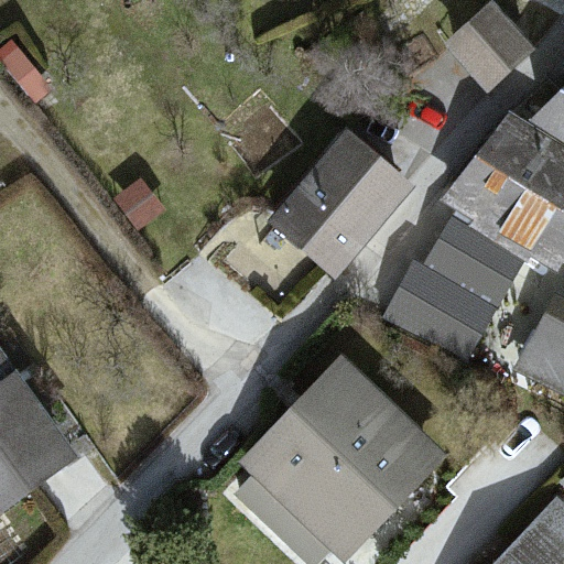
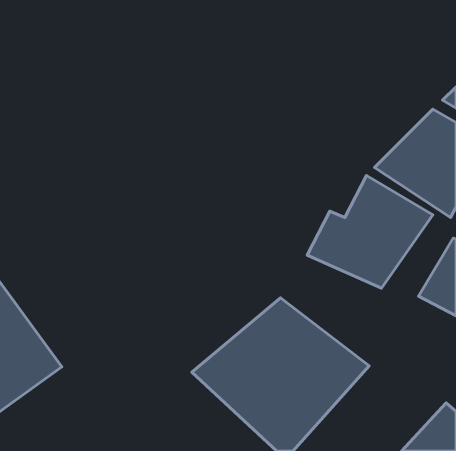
building: [451,6,536,91] -> none
building: [268,131,412,279] -> none

